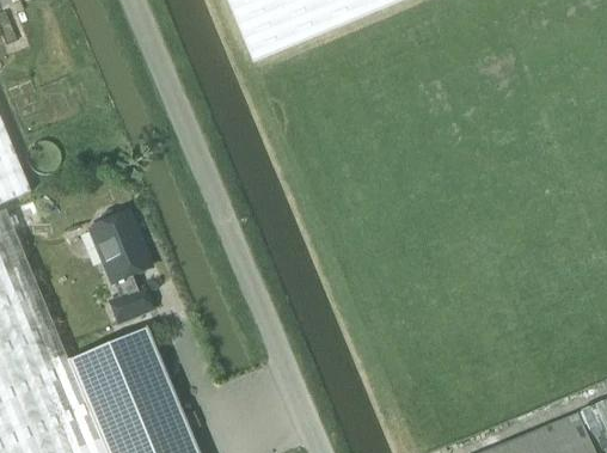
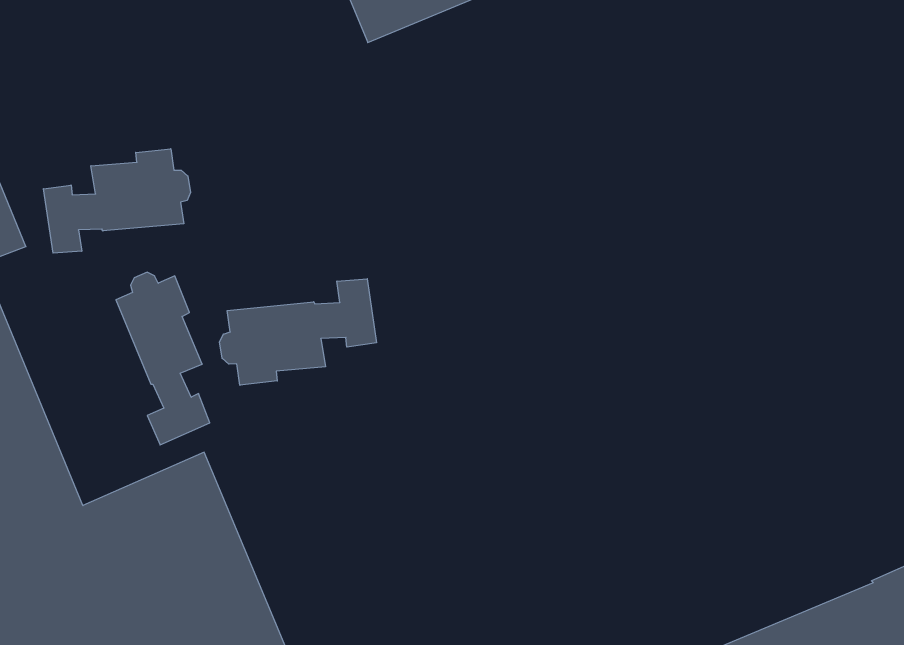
building: none -> [43,149,191,253]
building: none -> [220,279,376,385]

